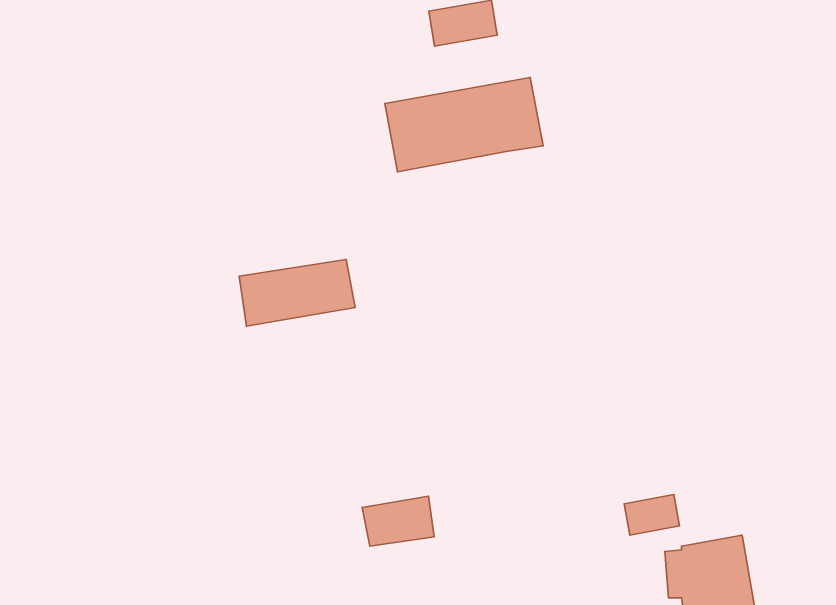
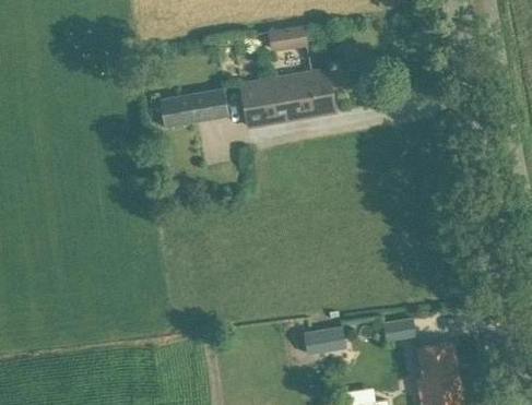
building: [239,260,355,326] -> [159,88,228,128]
building: [362,496,434,546] -> [304,325,346,355]

